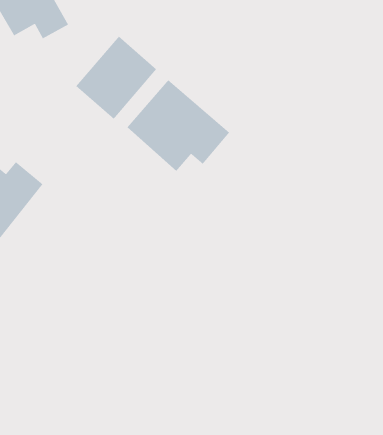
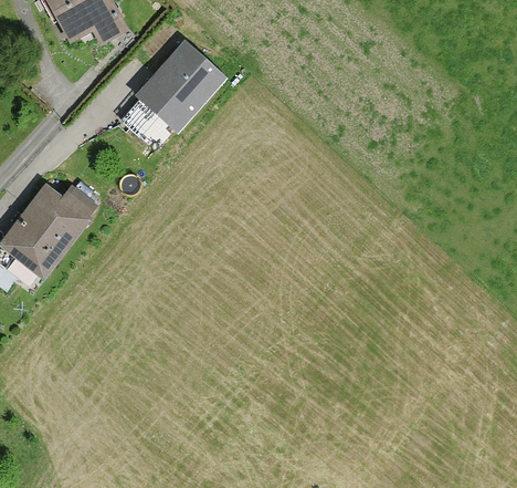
building: [126,79,230,172] -> none

